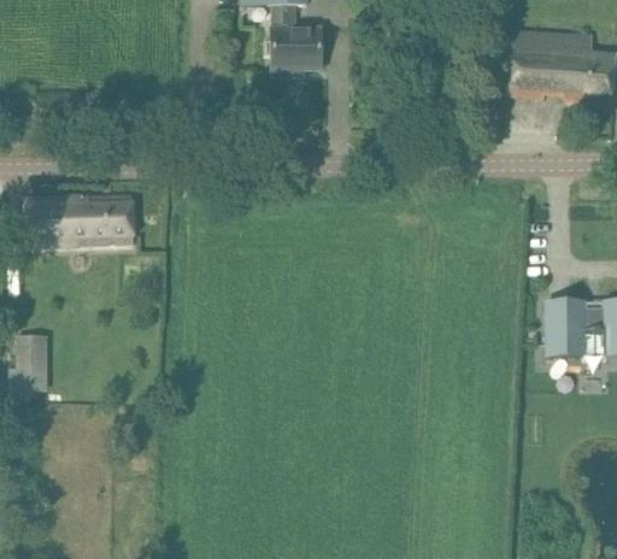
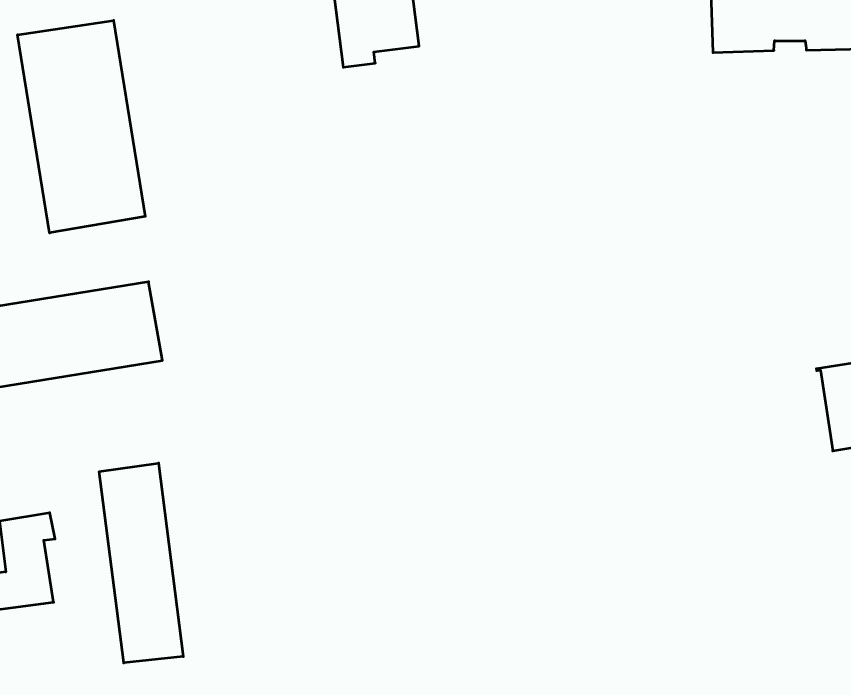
building: none -> [18,20,145,233]
building: none -> [99,463,183,663]

